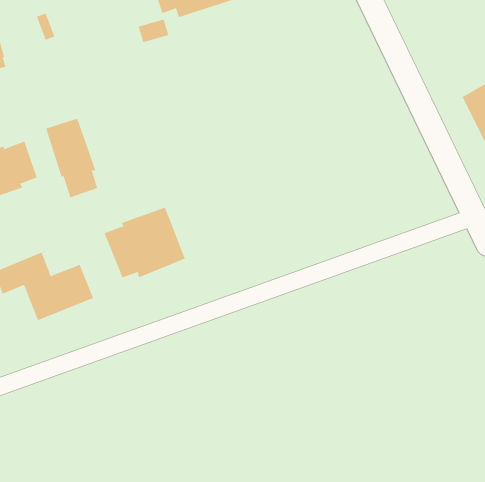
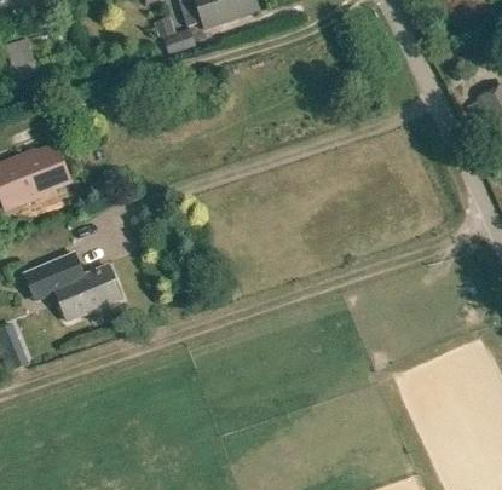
building: [45,118,98,198] -> none
building: [104,207,186,278] -> none

